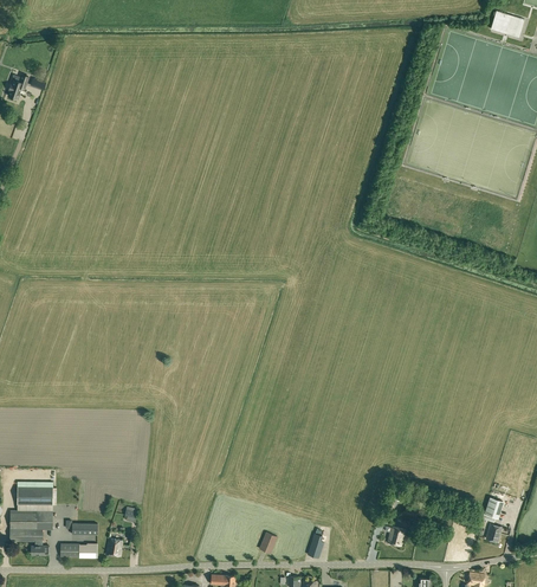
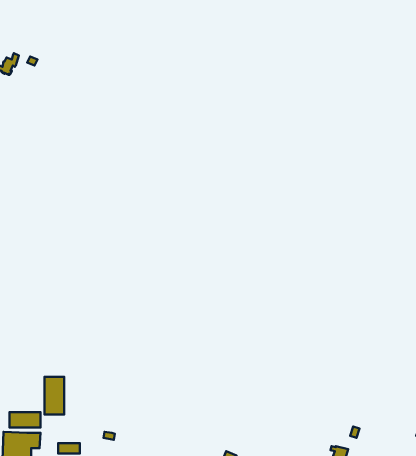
building: none -> [44,377,64,415]

